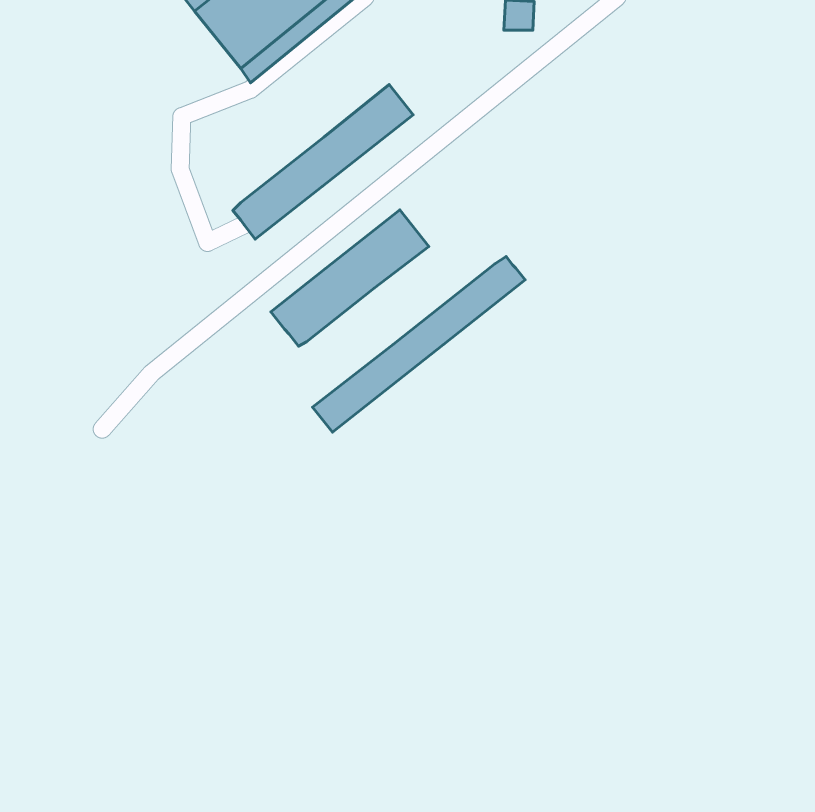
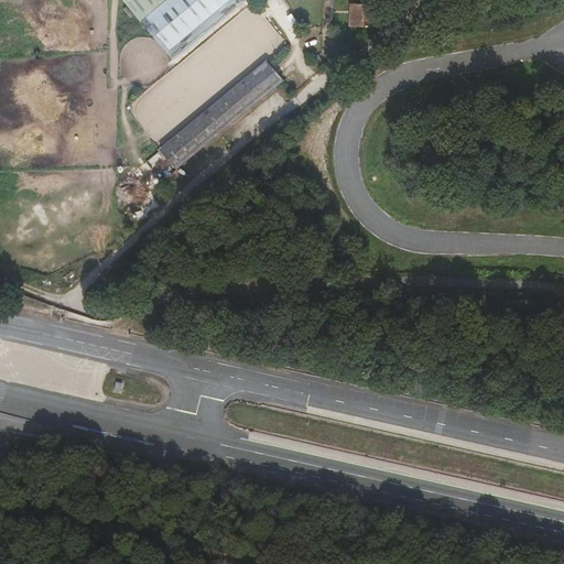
building: [271,210,429,346] -> none
building: [313,256,525,432] -> none

